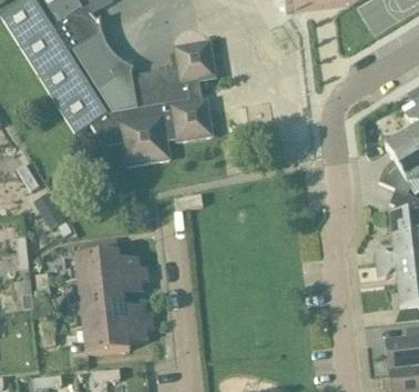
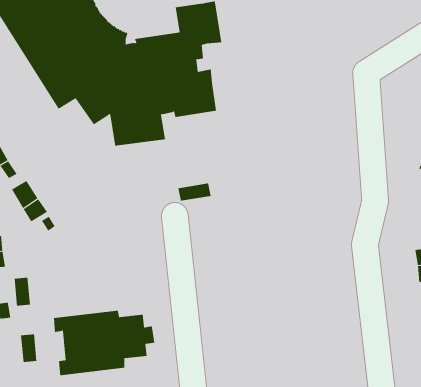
building: [63,238,150,308] -> none

